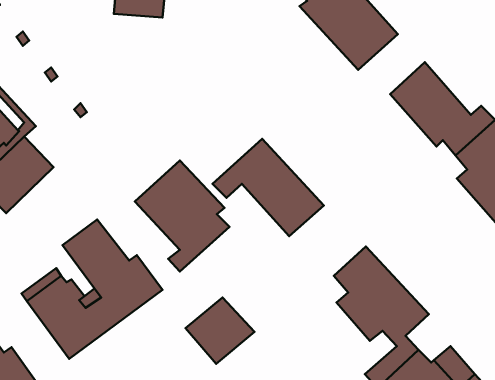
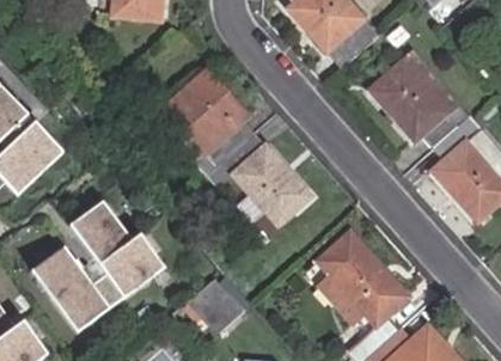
building: [135,160,230,272] -> [164,71,252,175]

